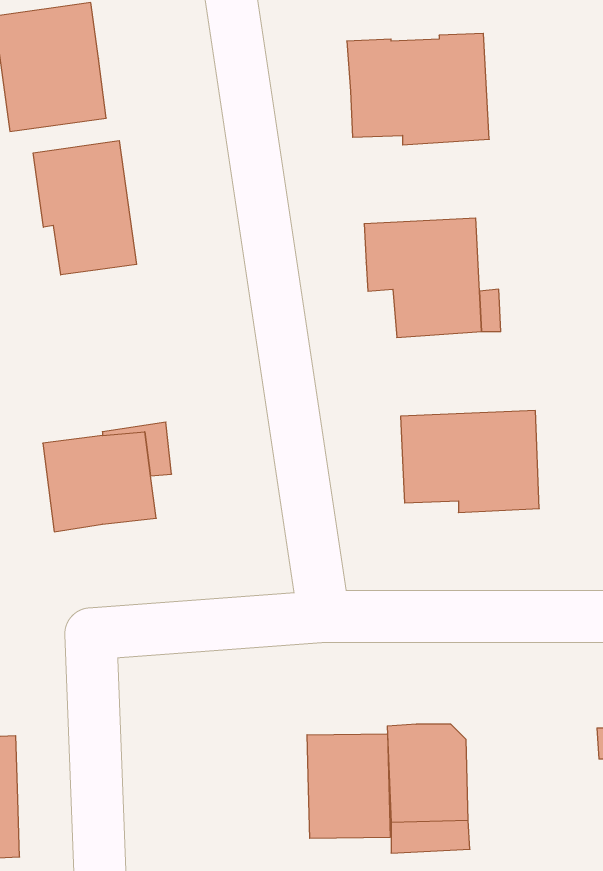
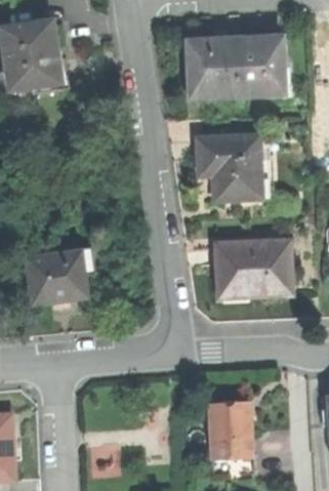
building: none -> [260,37,284,94]
building: [33,141,137,275] -> none
building: [307,734,390,838] -> none

